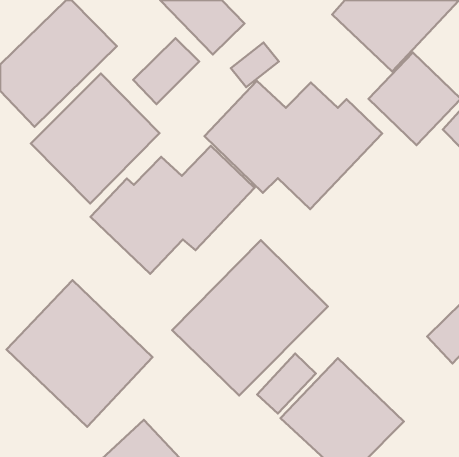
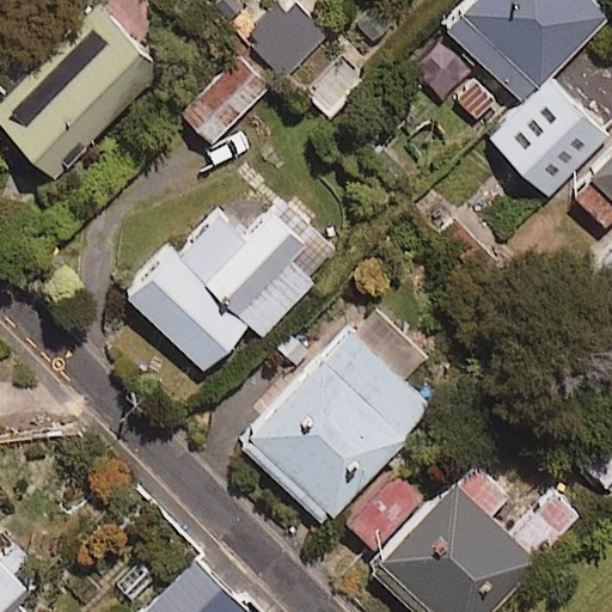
building: [31,73,159,203] -> none
building: [205,81,382,209] -> none
building: [6,280,152,427] -> none

